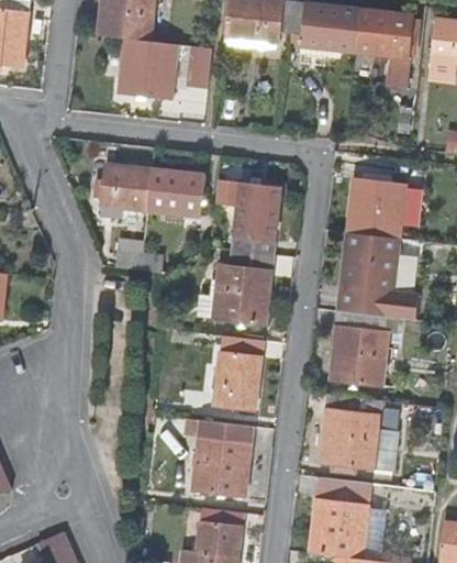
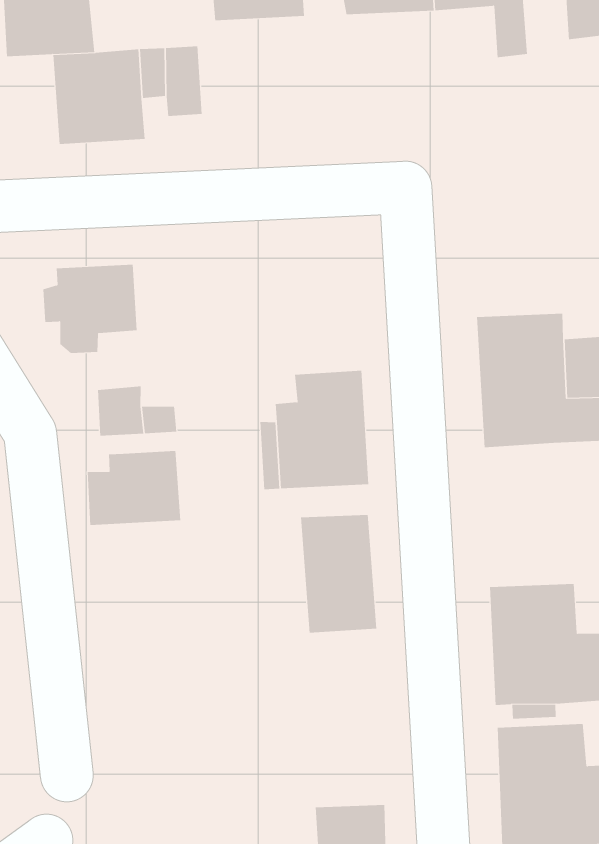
building: [147,169,205,216] -> none
building: [348,172,405,242] -> none
building: [218,180,282,255] -> none
building: none -> [87,450,181,526]
building: [332,313,389,387] -> none
building: [187,419,254,497] -> none

